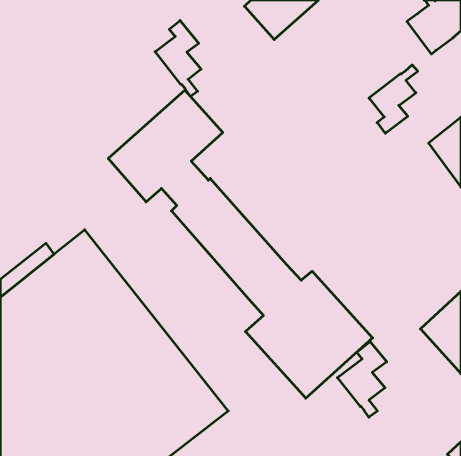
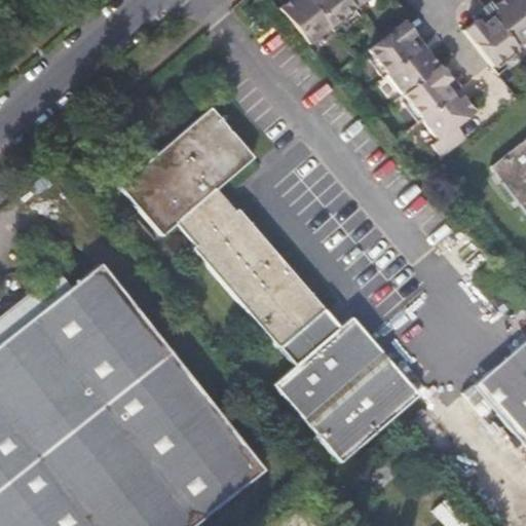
building: none -> [367,21,456,117]
building: [155,20,201,96] -> none
building: [337,341,387,417] -> none

